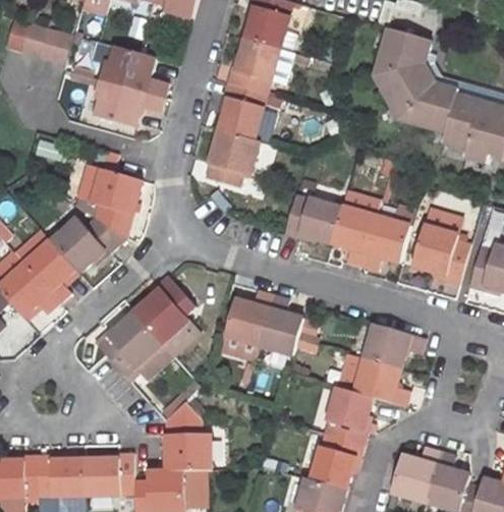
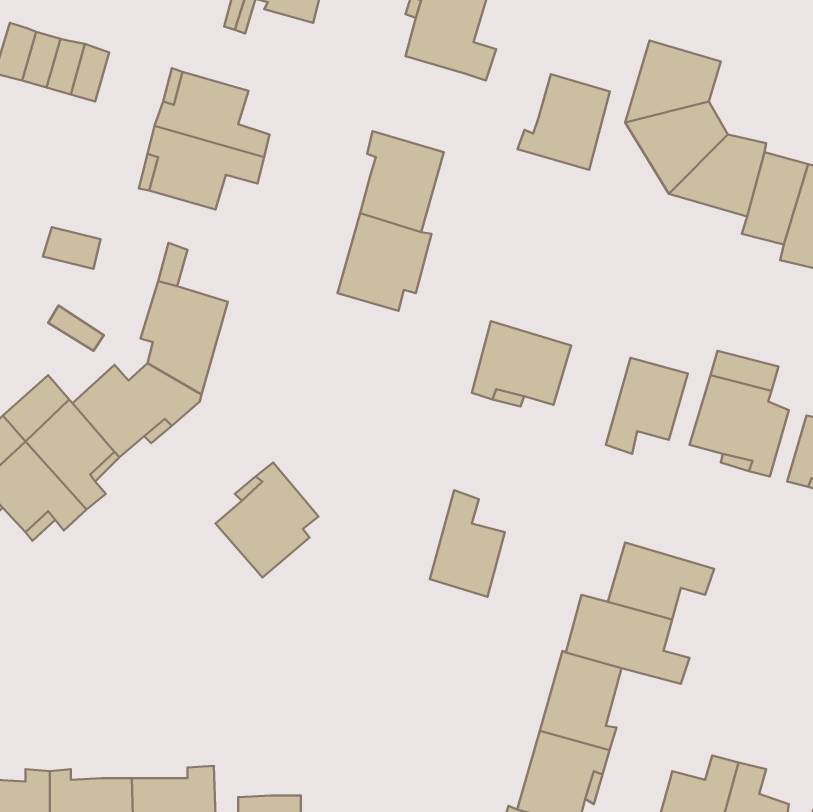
building: [226,39,280,95] -> [518,74,610,170]
building: [332,206,377,266] -> none
building: [225,288,274,344] -> none
building: [98,311,162,375] -> none
building: [166,403,211,470] -> none

